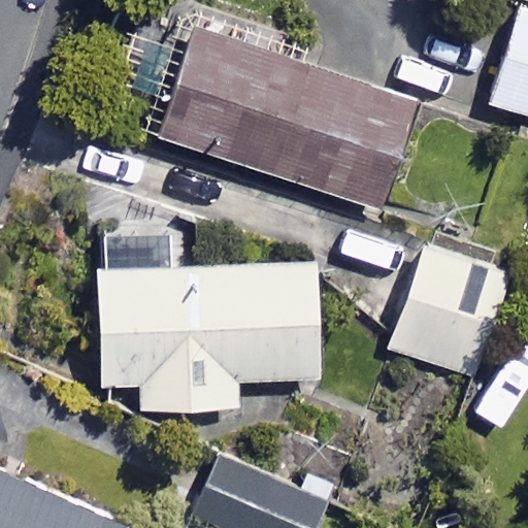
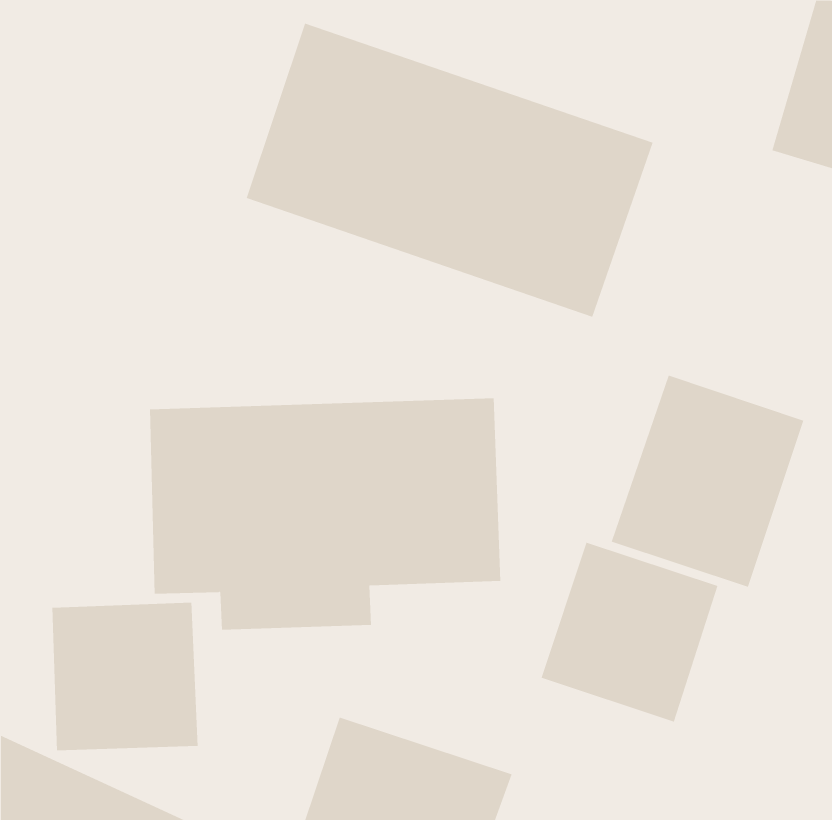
building: none -> [541,542,718,723]
building: none -> [52,602,198,751]

